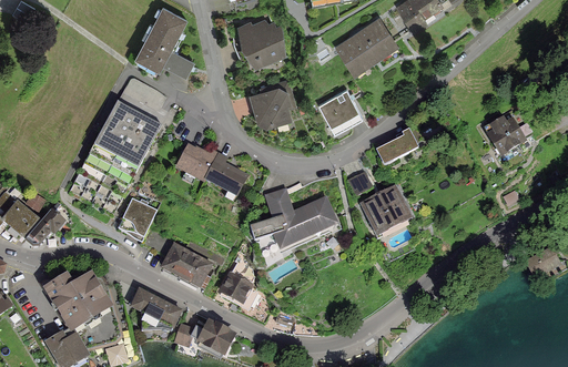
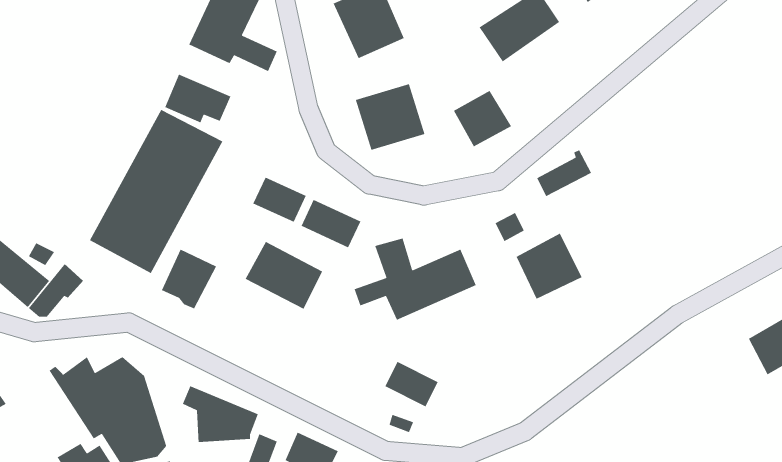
building: [488,118,524,154] -> none
building: [159,242,213,289] -> [245,241,323,310]
building: [220,276,257,308] -> [384,361,439,407]

